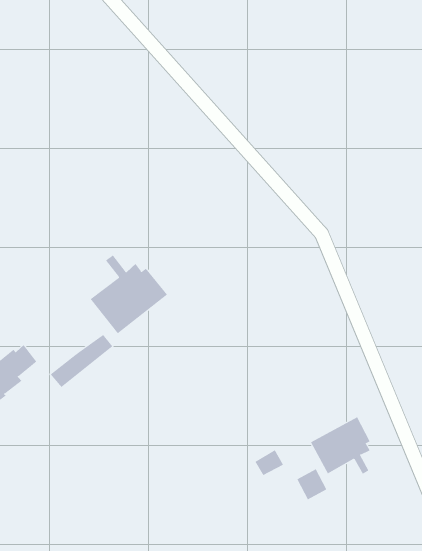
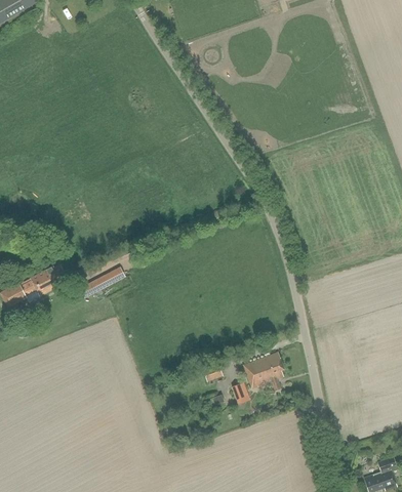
building: [90,255,168,334] -> none

